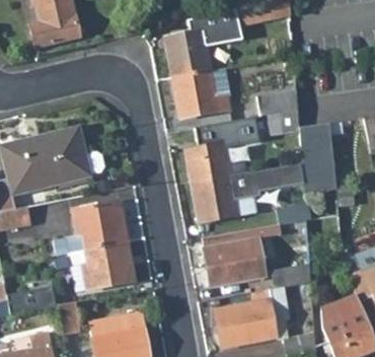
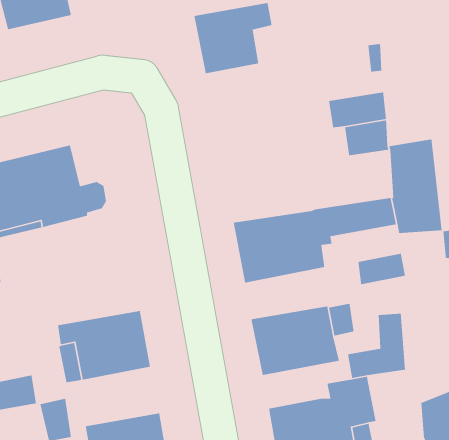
building: [172,68,231,118] -> none
building: [185,118,258,181] -> none
building: [54,201,128,255] -> none

